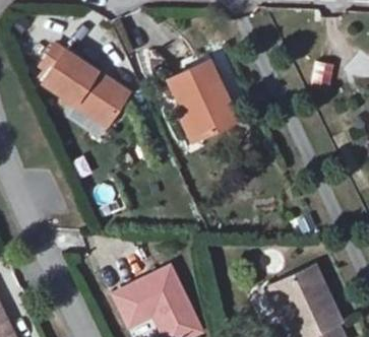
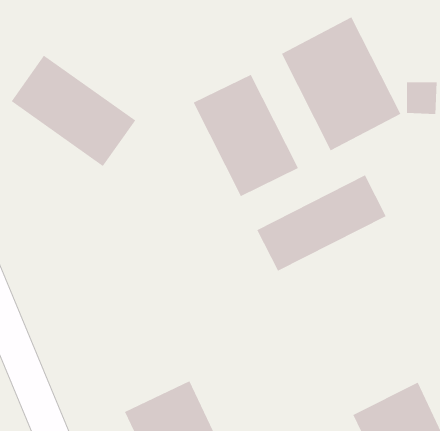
building: none -> [281,16,401,151]
building: none -> [257,175,386,272]

